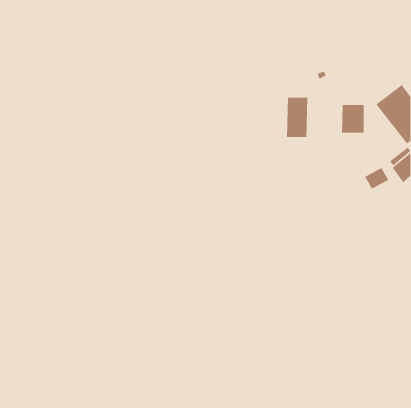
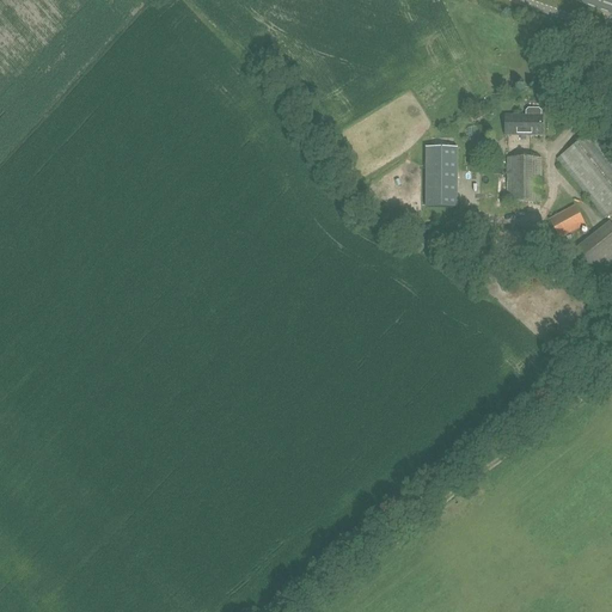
building: none -> [506,105,541,131]
building: [364,167,389,190] -> [549,203,586,237]

